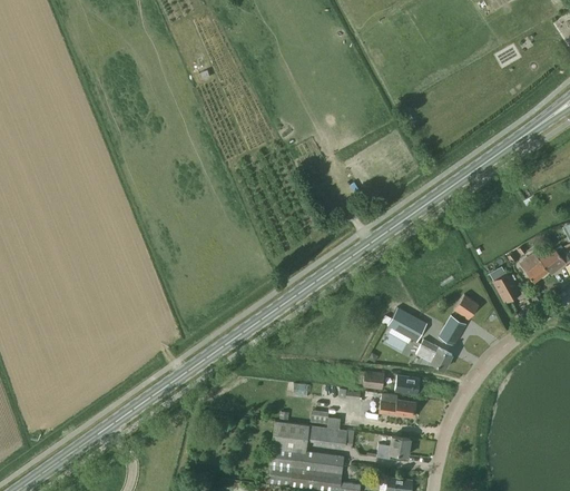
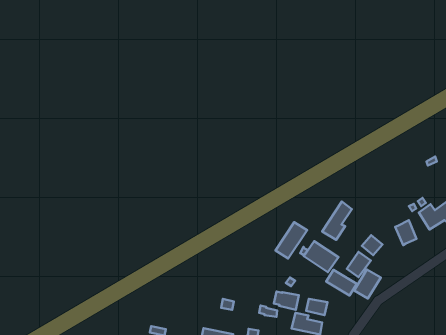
building: none -> [322,202,352,240]
building: none -> [275,222,307,258]
building: none -> [354,269,381,299]

